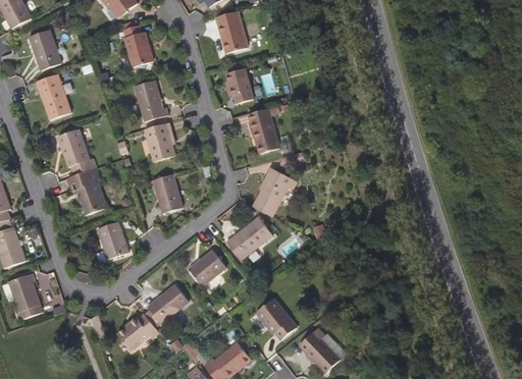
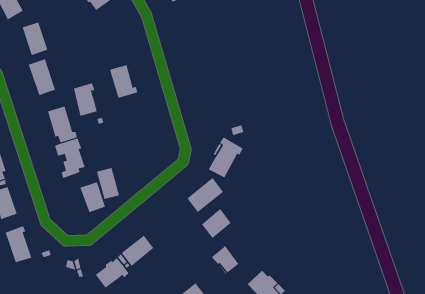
building: [216,11,247,52] -> none
building: [123,24,152,67] -> none
building: [222,68,254,103] -> none
building: [249,108,278,153] -> none
building: [145,121,174,162] -> [73,83,98,117]
building: [154,173,182,212] -> [96,167,120,200]
building: [189,250,225,286] -> [201,208,232,239]

